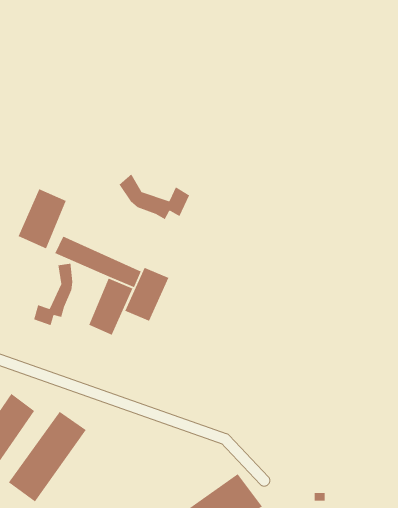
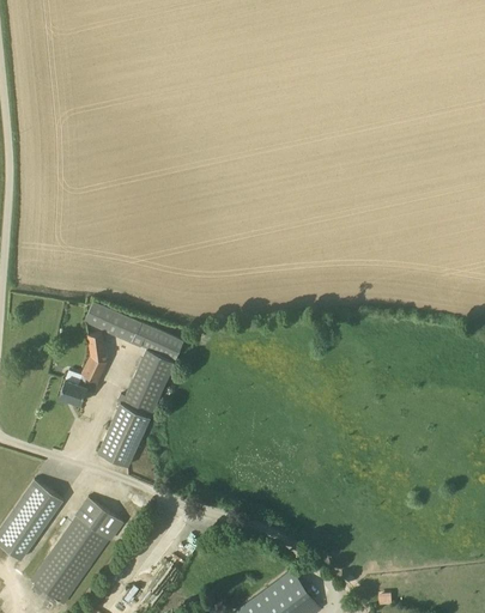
building: [119,173,190,220] -> none
building: [18,188,67,249] -> none
building: [124,267,169,322] -> [98,403,150,466]

